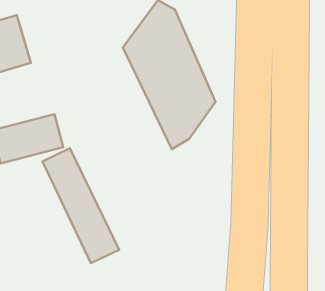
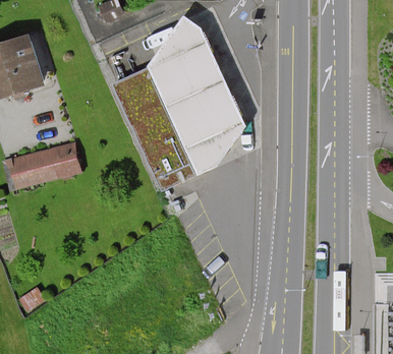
building: [42,148,119,263] -> [114,67,196,190]

